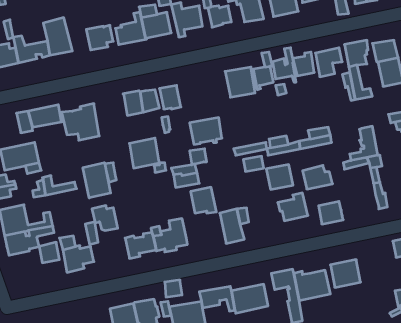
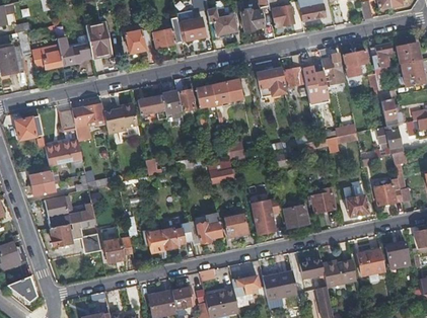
building: none -> [380,99,404,126]
building: [190,118,222,144] -> [211,80,241,105]
building: [129,138,159,168] -> [137,94,165,123]
building: [83,163,111,198] -> none
building: [266,165,293,189] -> [282,205,307,228]
building: [303,165,333,189] -> [373,182,402,205]
building: [191,187,216,213] -> [223,212,247,236]
building: [92,206,118,230] -> [142,227,166,250]
building: none -> [384,242,408,268]

